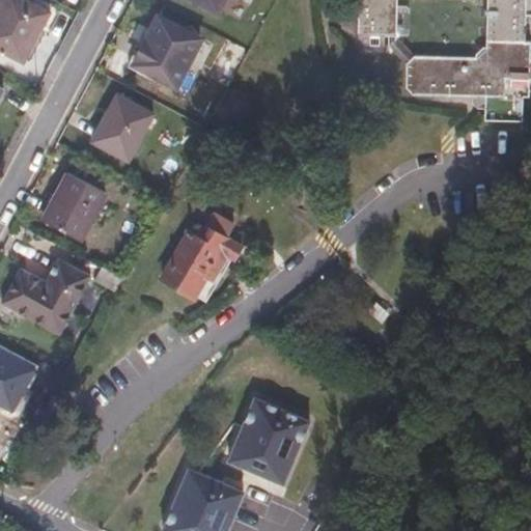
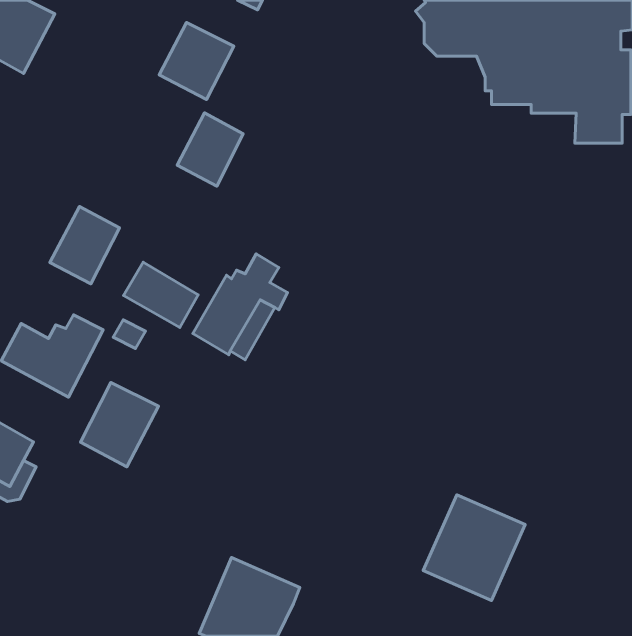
building: [92,95,147,157] -> [177,113,243,186]
building: none -> [124,262,198,328]
building: none -> [81,382,158,467]
building: [235,392,320,480] -> [423,495,525,601]

